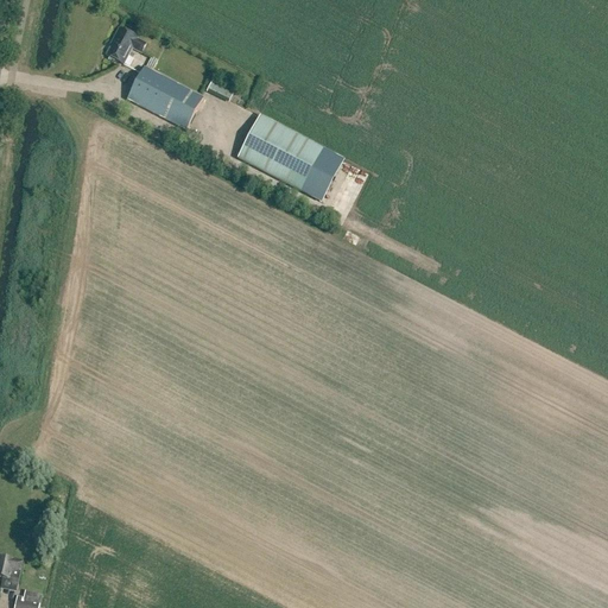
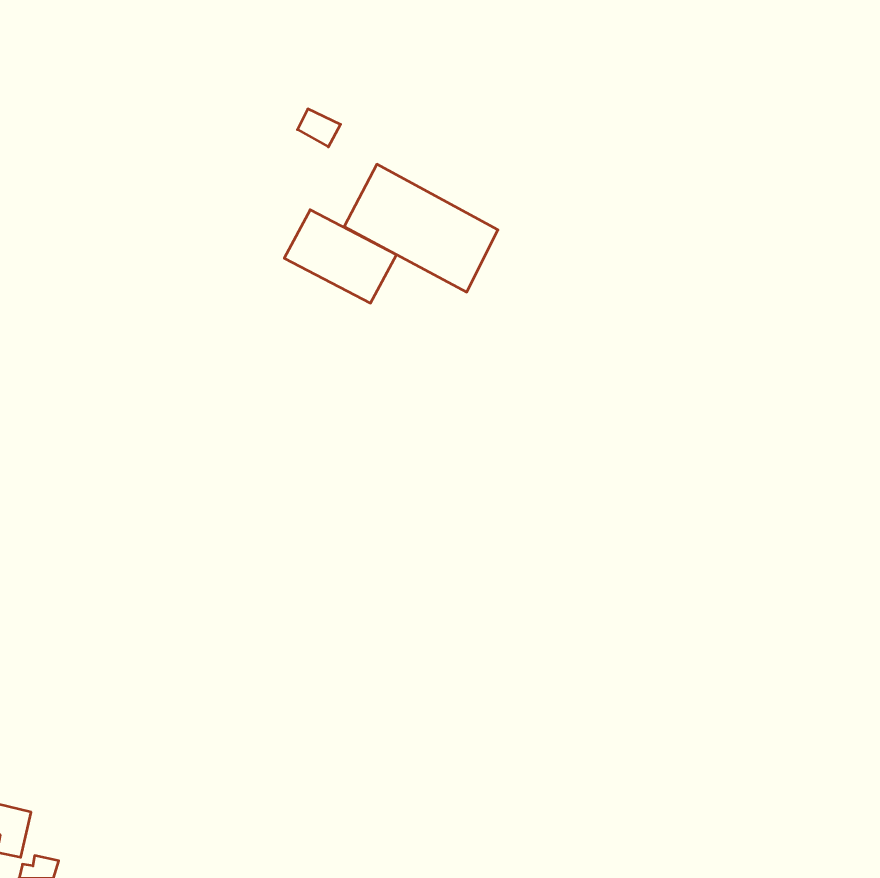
building: [106,25,145,62] -> none
building: [125,64,202,128] -> [284,210,397,303]

